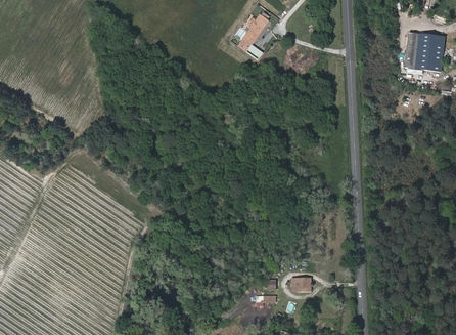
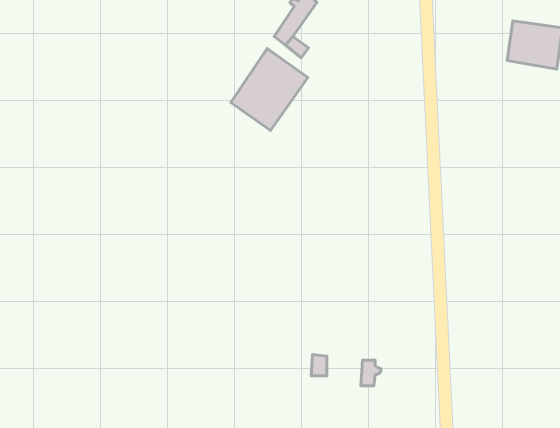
building: none -> [231,48,308,131]

